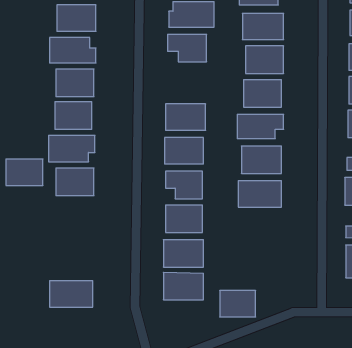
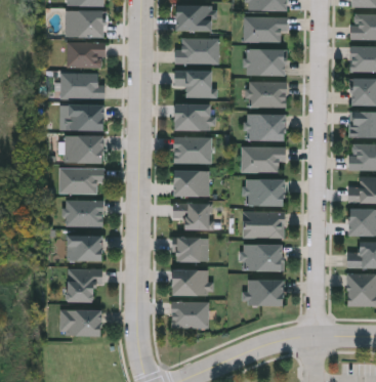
building: none -> [172,103,214,130]
building: [6,159,43,185] -> [66,235,101,260]
building: none -> [245,244,283,270]
building: none -> [66,268,102,302]
building: [220,291,256,317] -> [248,280,283,305]

